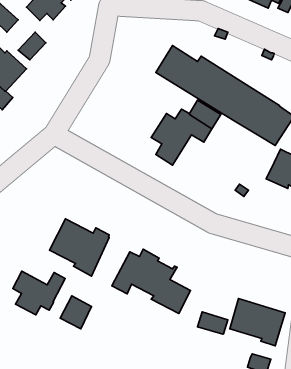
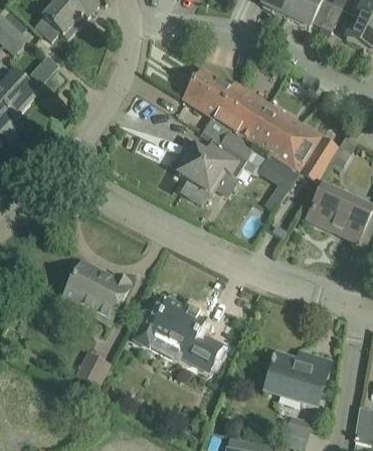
building: none -> [257,151,299,188]
building: [13,271,65,315] -> none
building: [198,312,228,334] -> none

